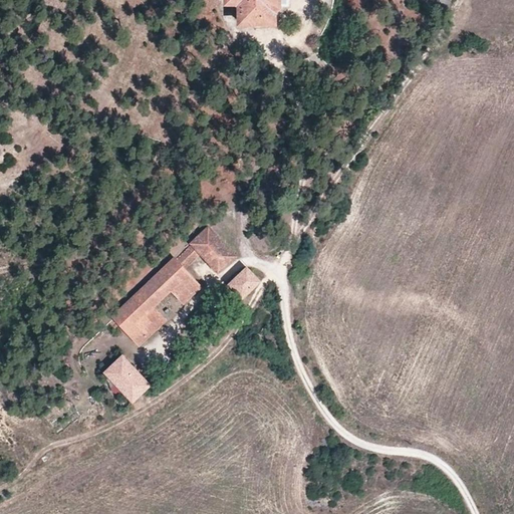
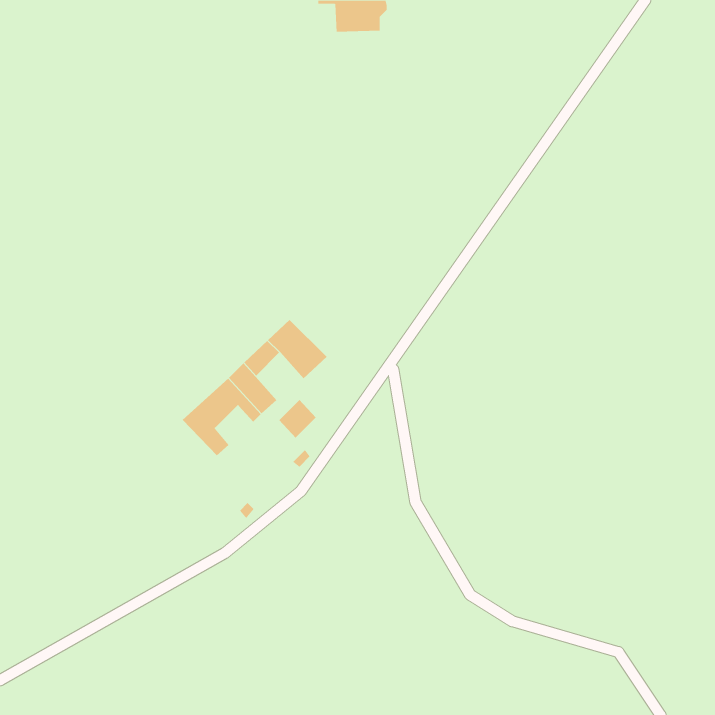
building: [230,269,257,297] -> [279,399,316,438]
building: [107,301,156,344] -> none
building: [105,357,149,401] -> none

